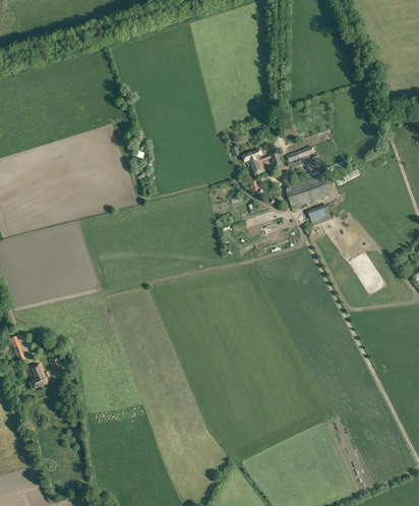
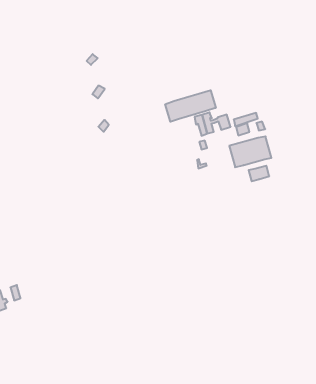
building: none -> [165,90,216,122]

